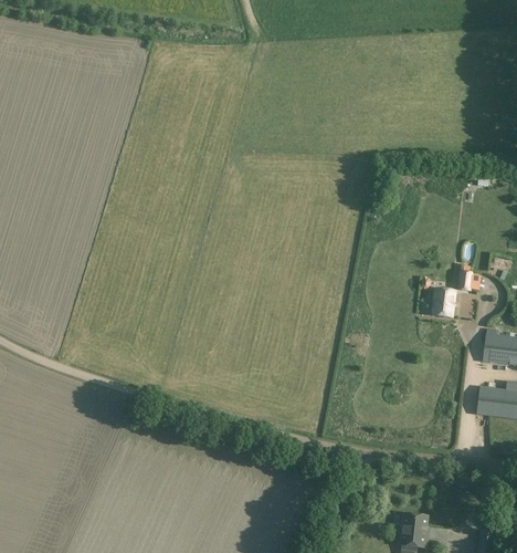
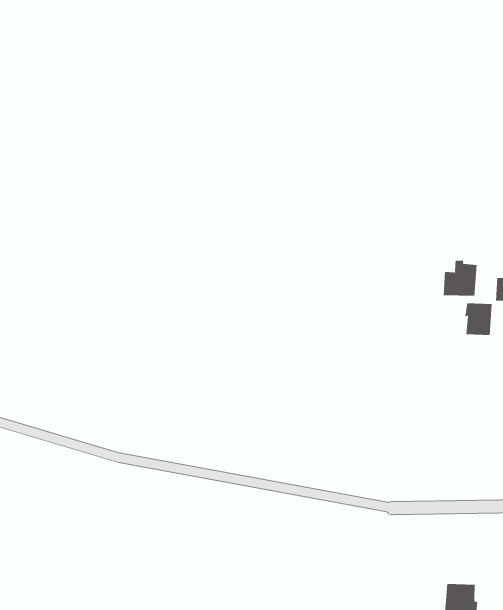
building: none -> [443,260,477,297]

